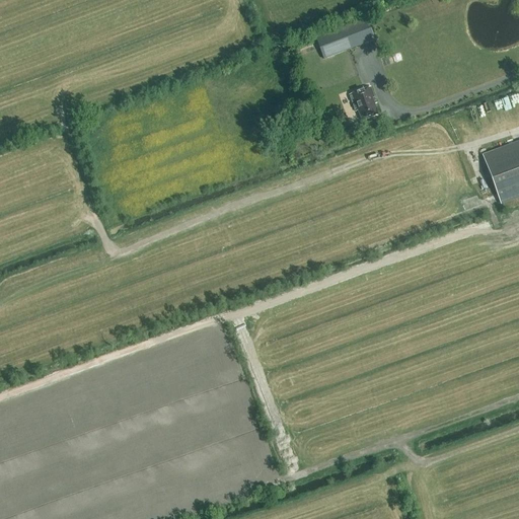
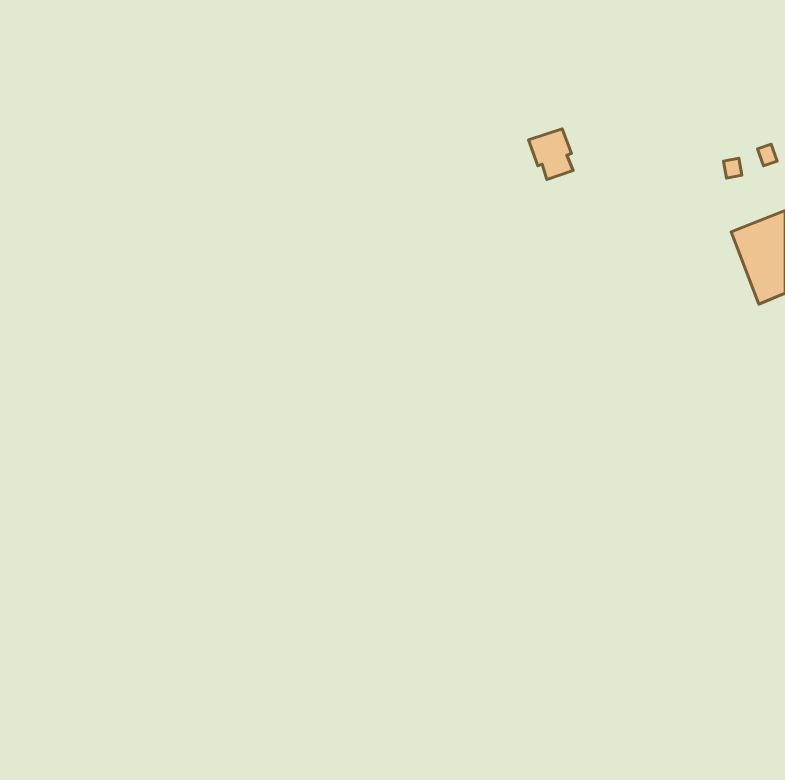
building: [316,18,375,57] -> none

